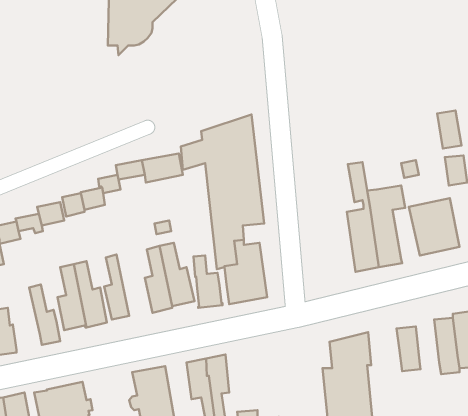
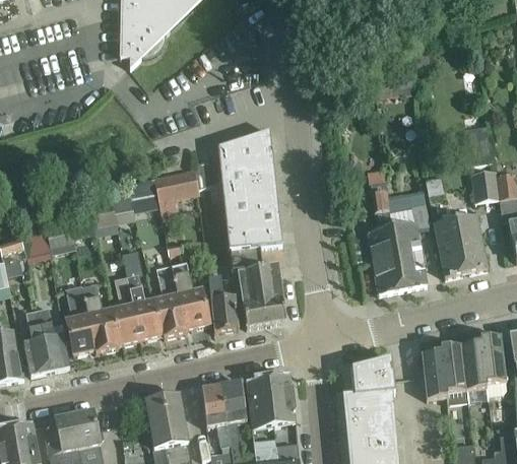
building: none -> [128,273,160,339]
building: none -> [23,310,50,374]
building: none -> [440,343,467,402]
building: none -> [246,372,296,428]

